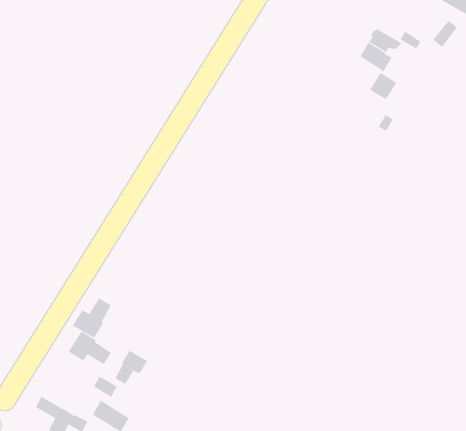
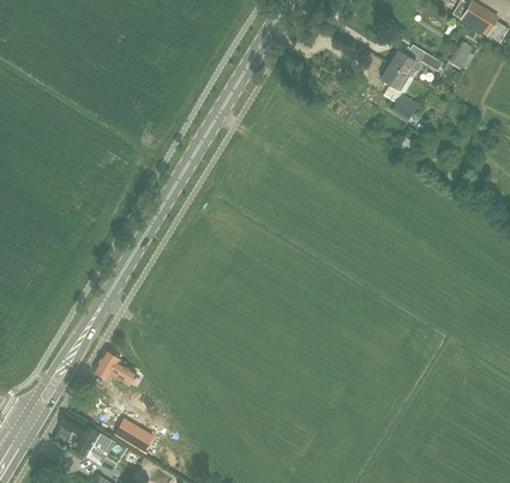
building: [72,297,111,339] -> none
building: [115,350,148,385] -> none

